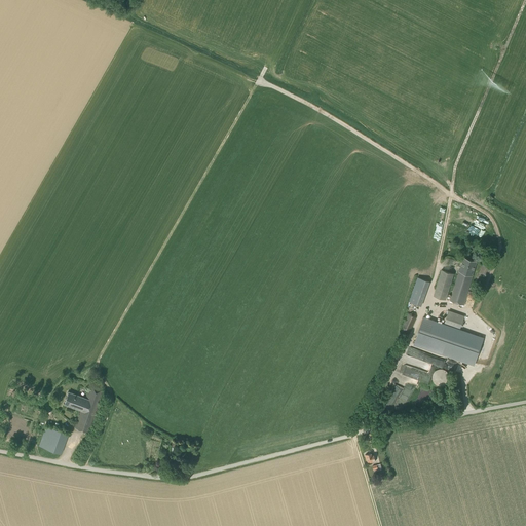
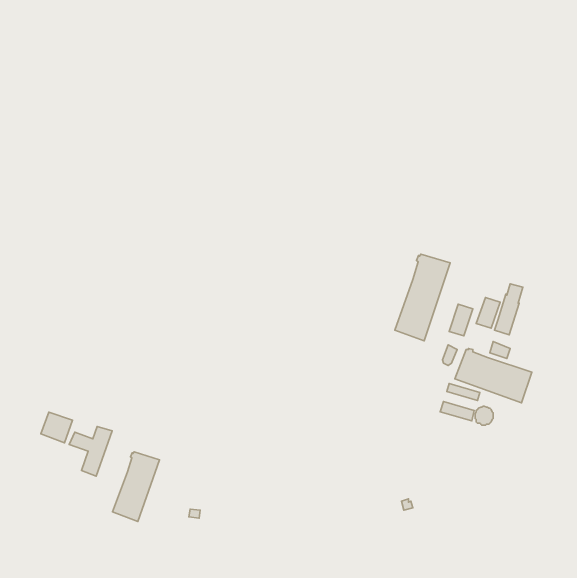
building: none -> [395,254,450,341]
building: none -> [112,452,159,521]
building: [38,426,67,454] -> [41,412,72,443]

